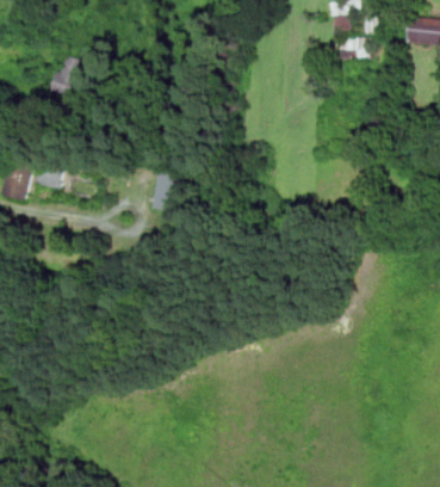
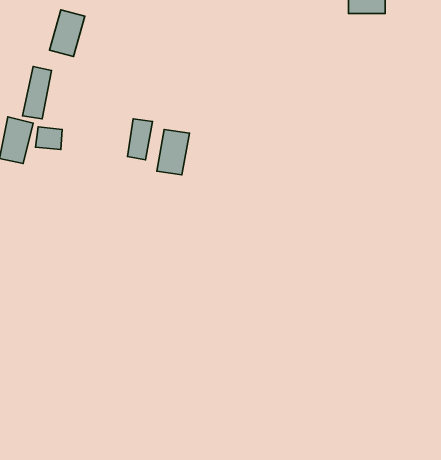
building: none -> [23,66,51,119]
building: none -> [127,119,153,160]

